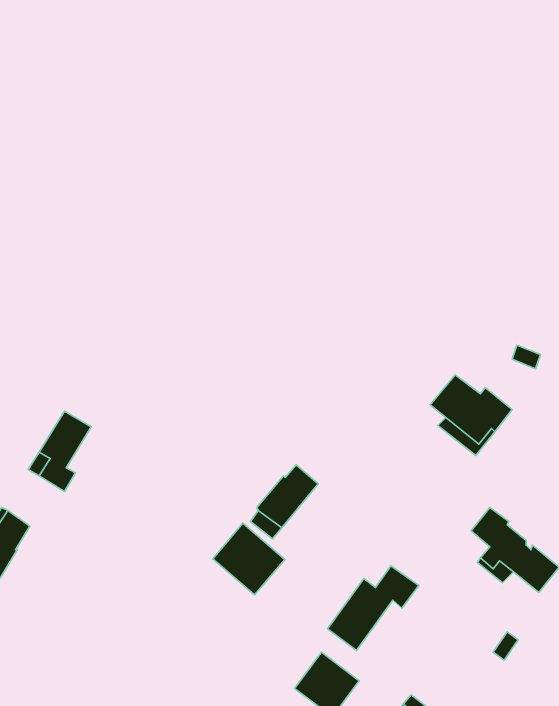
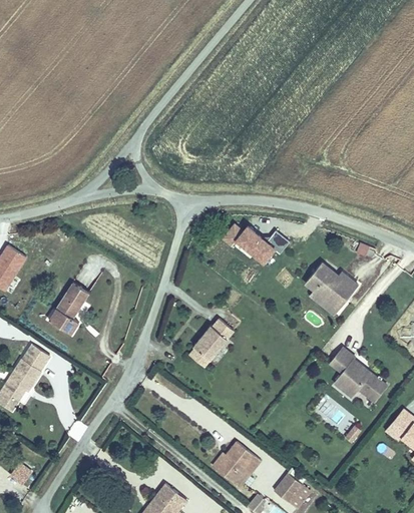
building: none -> [223,222,292,269]
building: [213,523,285,595] -> none
building: [328,566,419,650] -> none

